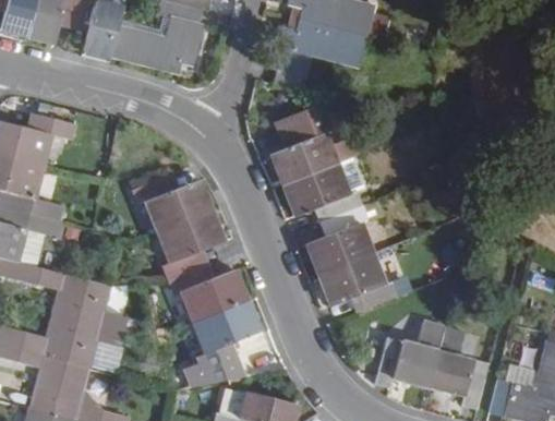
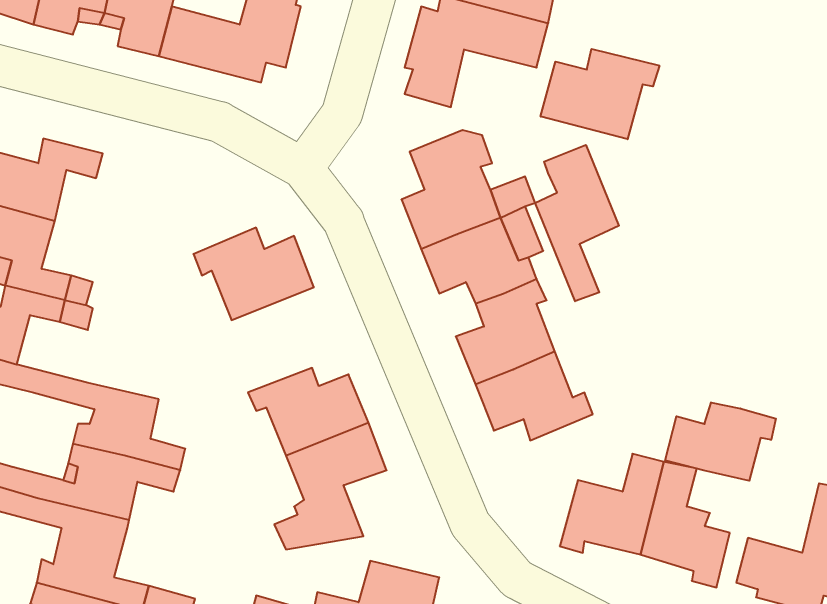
building: none -> [541,49,659,139]
building: none -> [535,145,619,301]
building: [157,211,224,280] -> none
building: none -> [665,402,776,481]

